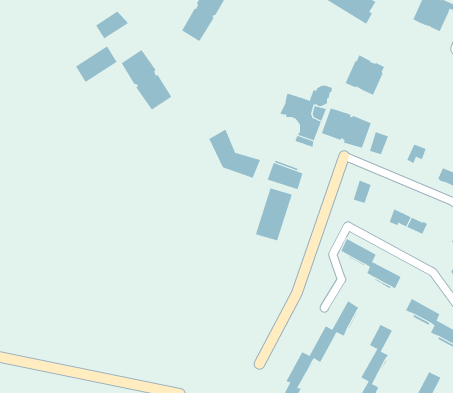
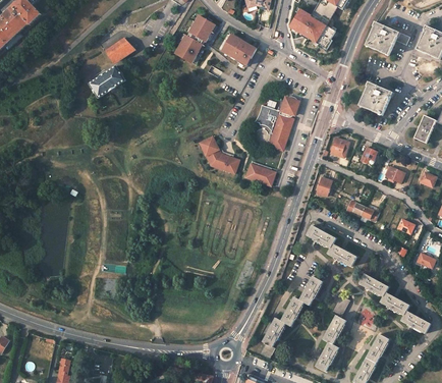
building: none -> [221,34,257,65]
building: [121,49,172,111] -> none
building: [345,55,385,96] -> [357,81,390,115]
building: [321,108,371,149] -> none
building: [255,188,293,241] -> none

